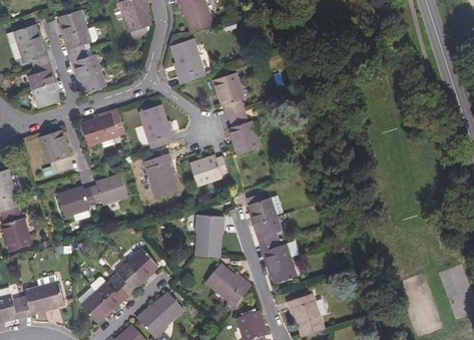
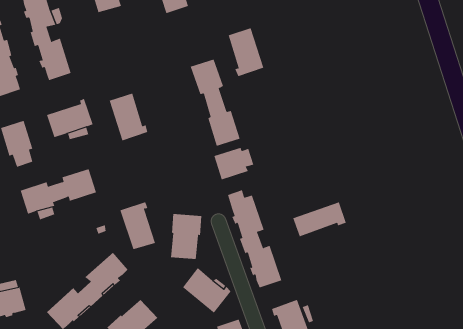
building: [172,37,205,82] -> [228,27,264,77]
building: [144,152,177,197] -> [120,201,156,250]
building: [190,154,227,185] -> [214,147,254,180]
building: none -> [292,202,346,237]

